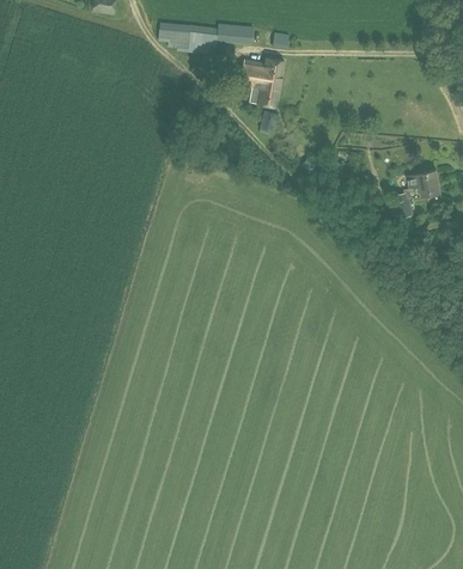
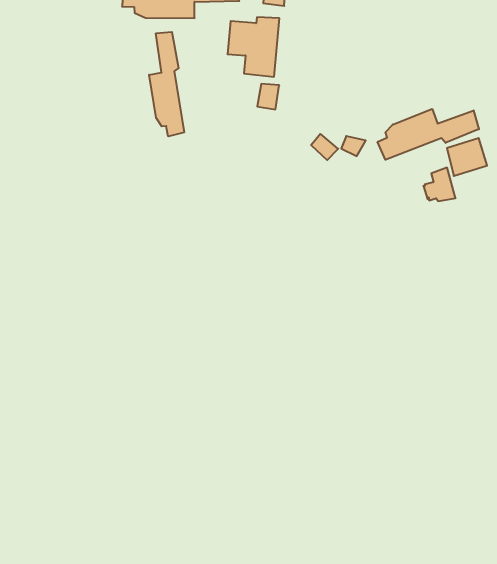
building: none -> [149,32,184,136]
building: none -> [378,109,479,160]

